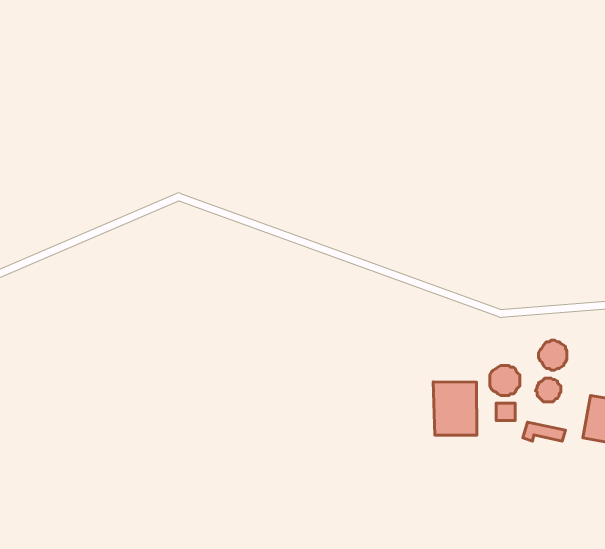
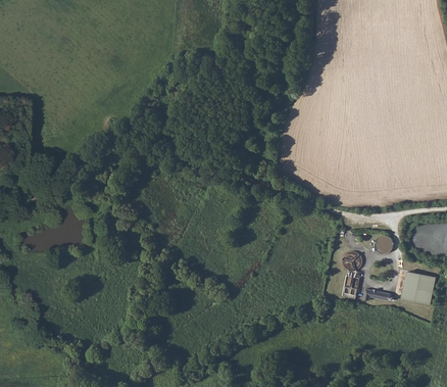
building: [433,382,477,435] -> none

